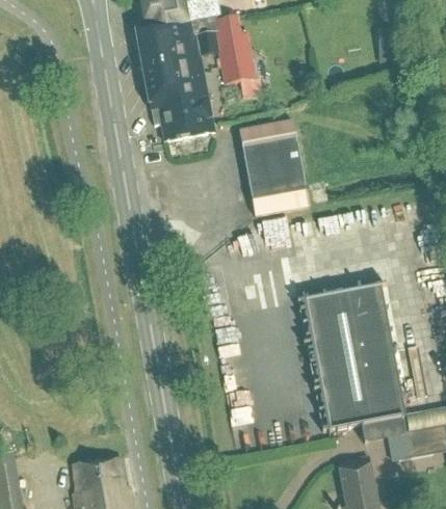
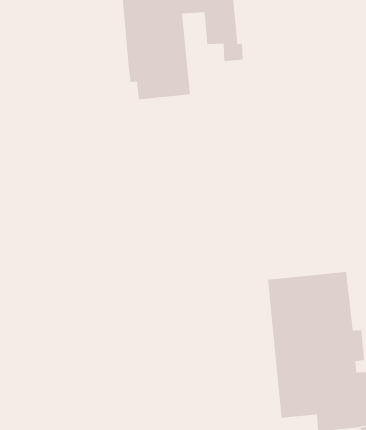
building: [239,118,310,215] -> none

